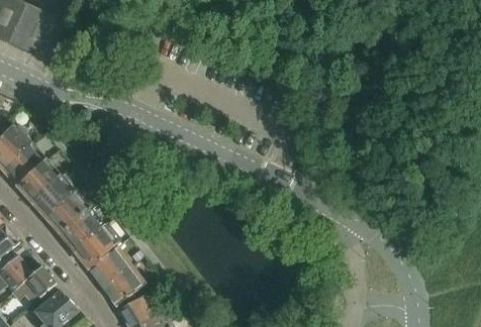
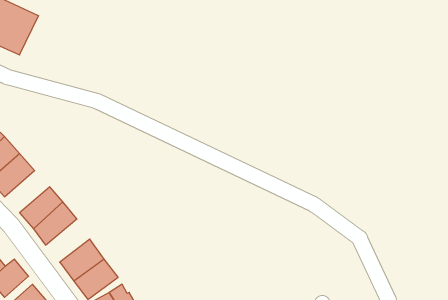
building: [30,176,76,218] -> none
building: [72,224,117,267] -> none

